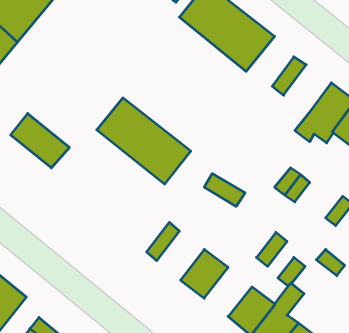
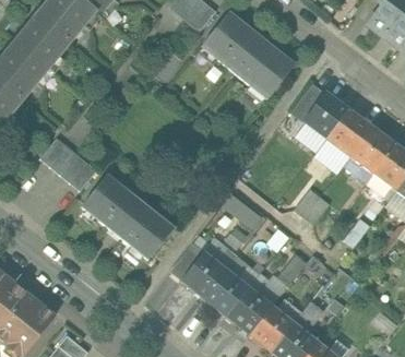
building: none -> [302,91,348,138]
building: [97,98,191,184] -> [82,175,172,258]
building: none -> [180,250,226,298]
building: none -> [226,286,272,333]

